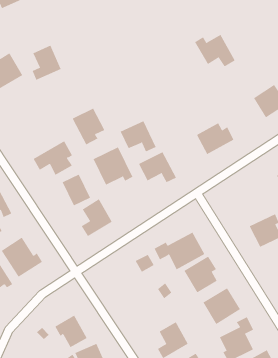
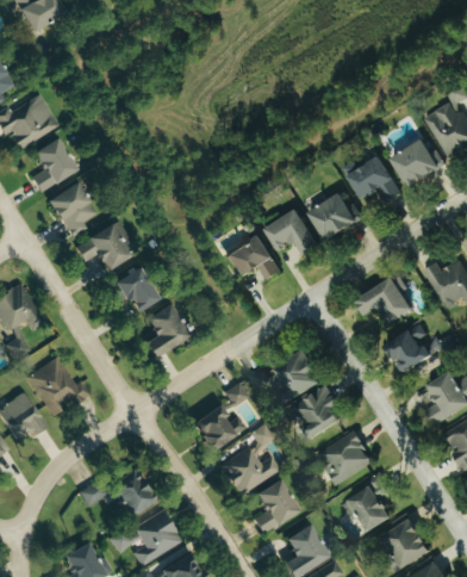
building: [194,34,236,67] -> [342,156,401,204]
building: [32,45,62,81] -> [32,138,75,190]
building: [72,108,105,145] -> [48,182,95,236]
building: [120,121,156,152] -> [264,210,317,255]
building: [93,147,133,186] -> none
building: none -> [355,273,412,321]
building: none -> [191,404,245,452]
building: none -> [219,446,281,496]

